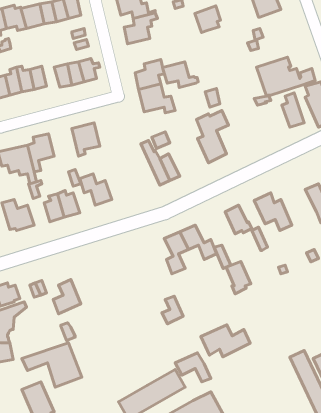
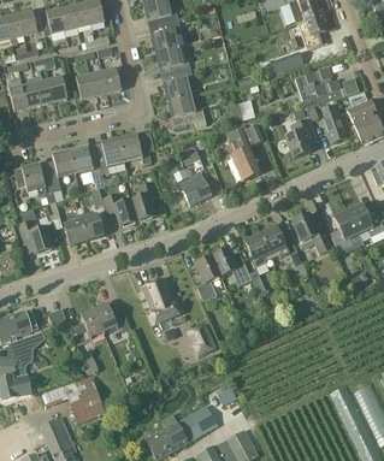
building: [195,6,220,33] -> [297,14,325,43]
building: [163,62,198,87] -> [154,46,193,73]
building: none -> [278,118,314,158]
building: none -> [118,130,154,164]
building: none -> [69,143,101,175]
building: none -> [130,182,156,220]
building: none -> [331,209,359,252]
building: none -> [141,277,178,324]
building: [226,261,251,294] -> [244,234,271,268]
building: none -> [93,301,130,333]
building: [201,325,250,357] -> none

